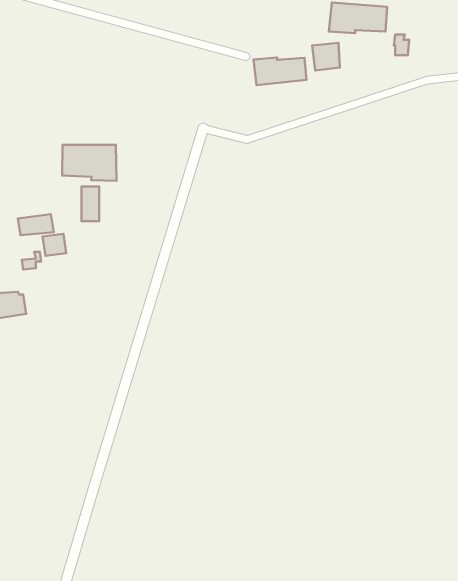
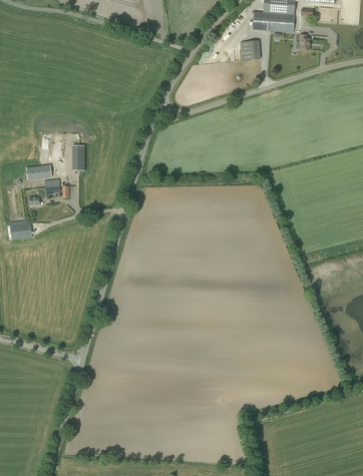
building: [253,57,306,85] -> none
building: [62,145,117,181] -> none

